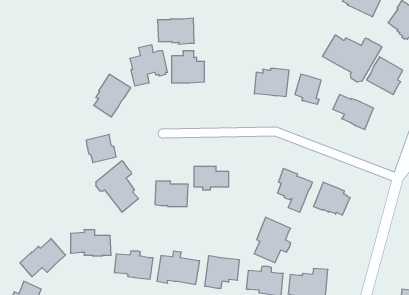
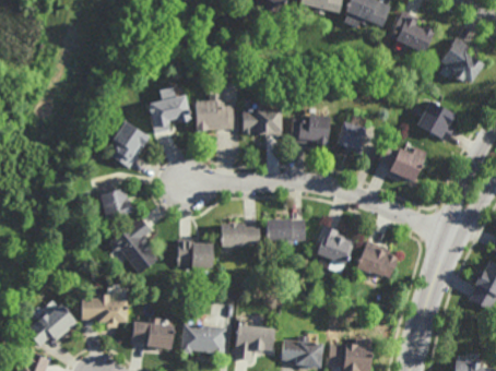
building: [157,18,194,44] -> [243,107,284,136]
building: [323,35,382,82] -> none
building: none -> [268,217,306,247]
building: [254,217,291,263] -> none

